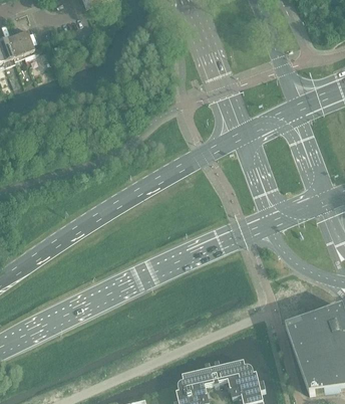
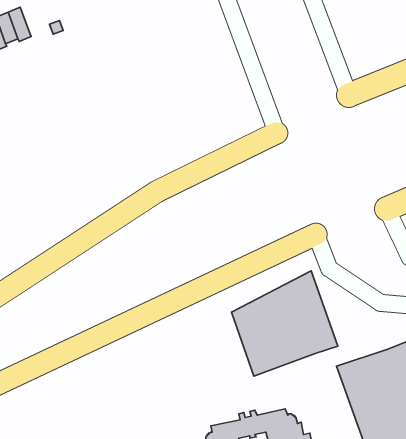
building: none -> [232,271,338,376]

